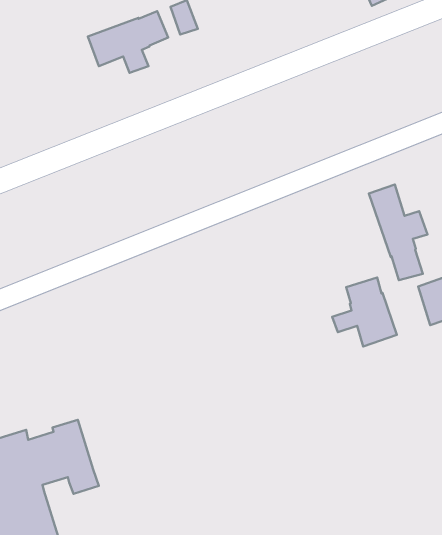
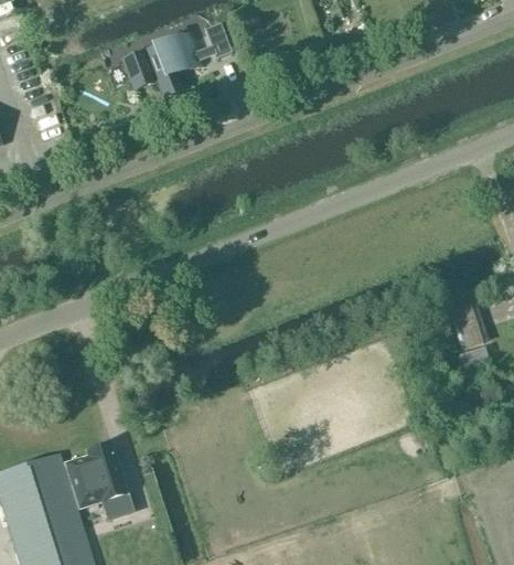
building: [369,185,427,280] -> none
building: [332,278,397,347] -> none

